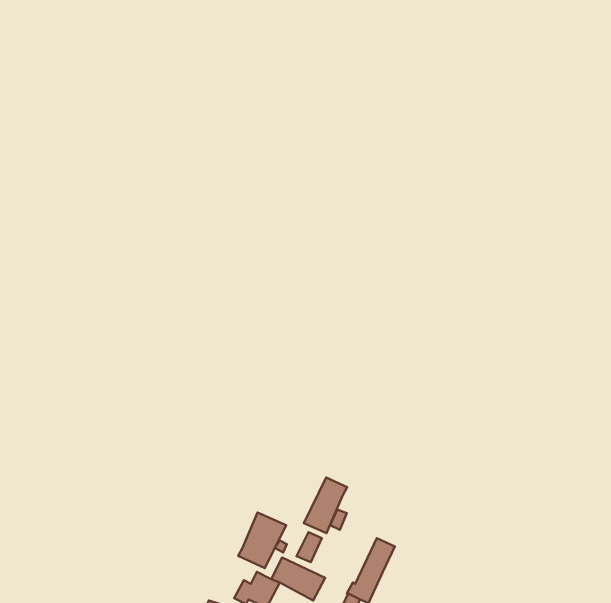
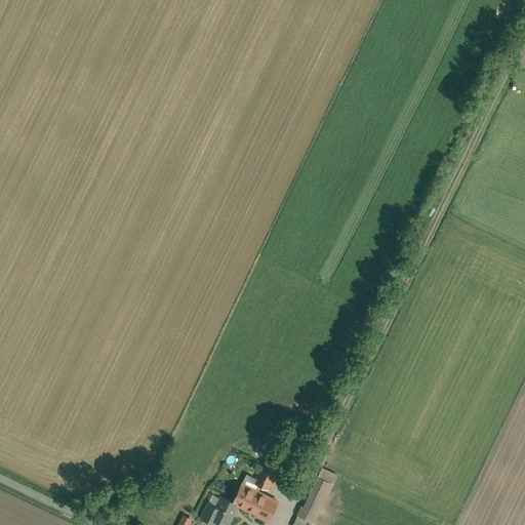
building: [304,478,347,533] -> none
building: [238,513,286,568] -> none

